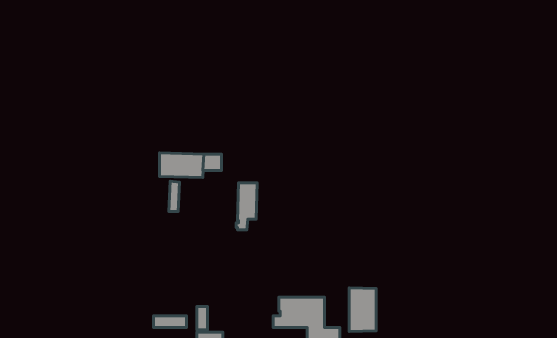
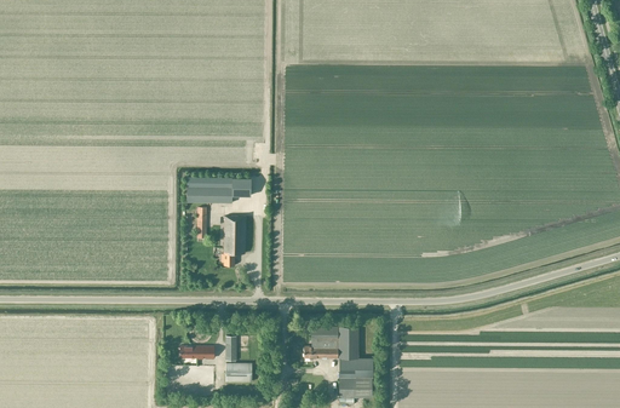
building: [236,183,257,230] -> [223,216,245,264]
building: [349,288,376,331] -> none

